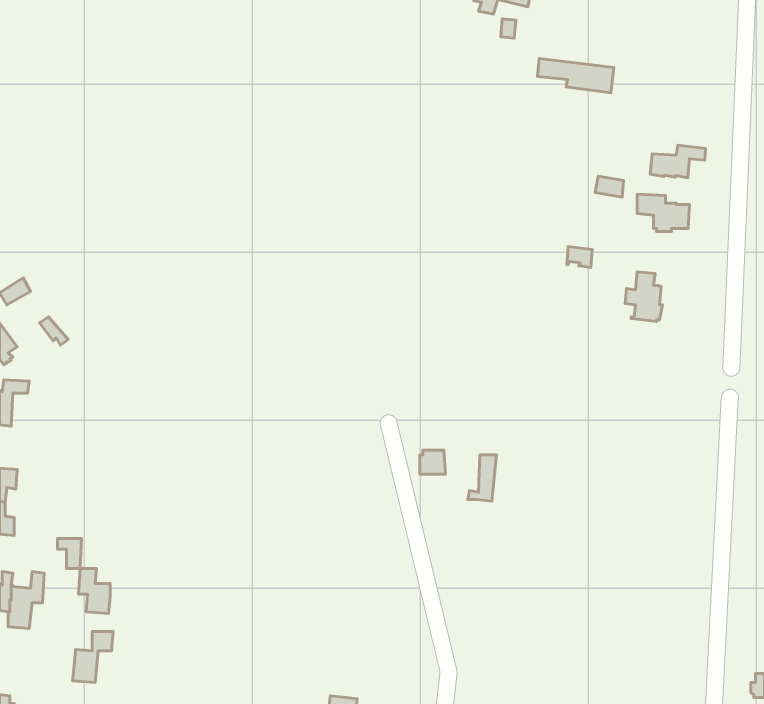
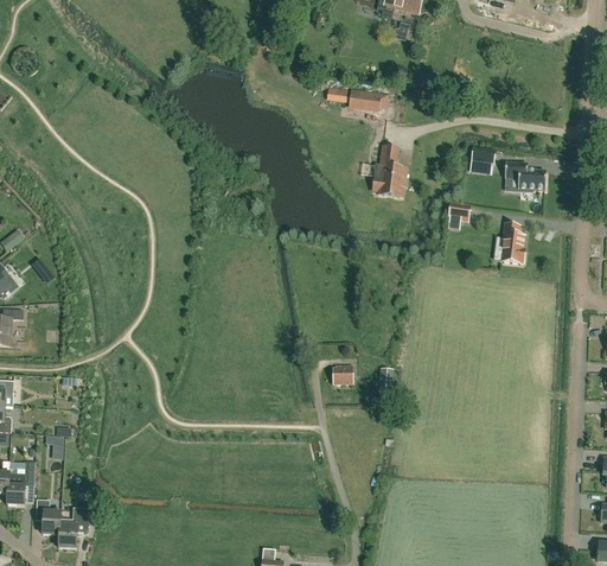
building: [538,58,614,93] -> [327,84,388,112]
building: [650,145,706,178] -> none
building: none -> [372,146,407,197]
building: [79,569,110,613] -> [36,500,60,535]

